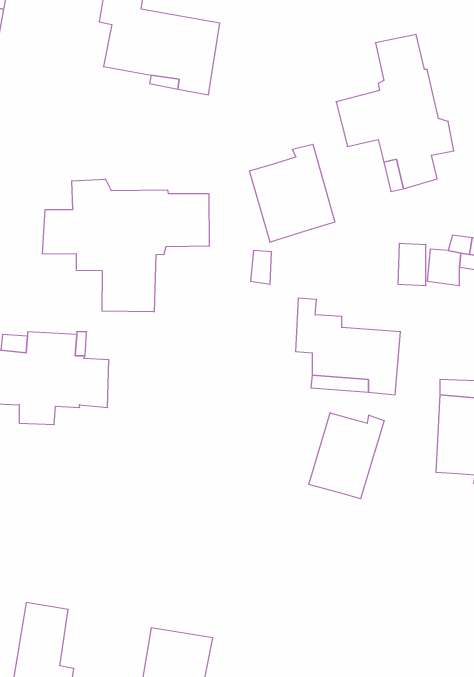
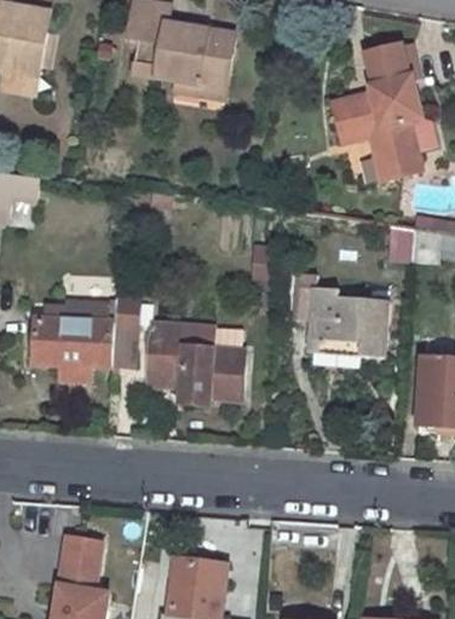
building: [249,144,335,242] -> none
building: [43,179,209,312] -> none
building: none -> [150,323,243,398]
building: [309,413,384,499] -> none

